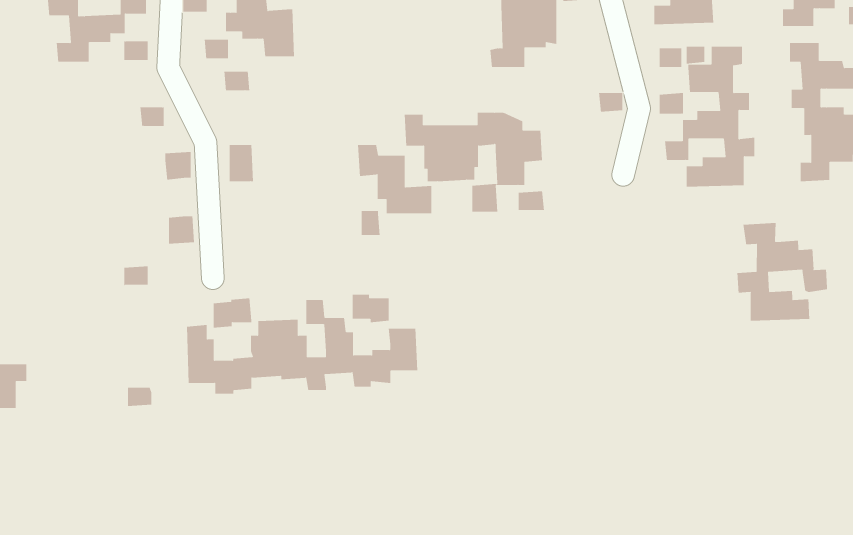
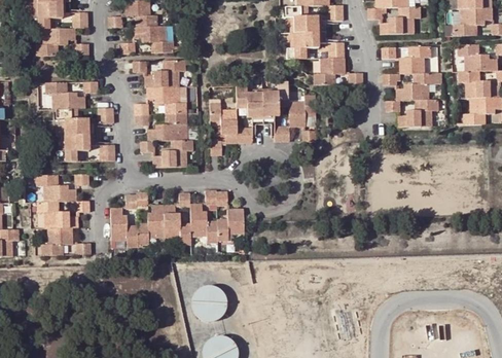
building: none -> [314,42,345,85]
building: none -> [140,60,193,168]
building: none -> [44,82,96,162]
building: [737,222,828,321] -> none
building: none -> [36,174,89,255]
building: none -> [192,286,228,322]

